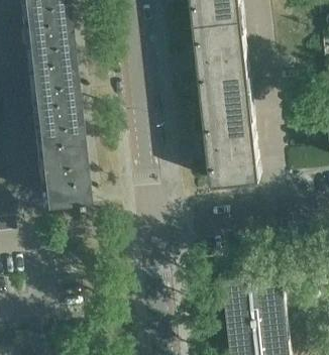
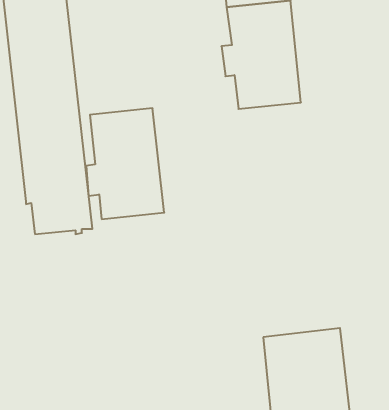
building: [201,103,261,189] -> [86,108,164,219]

